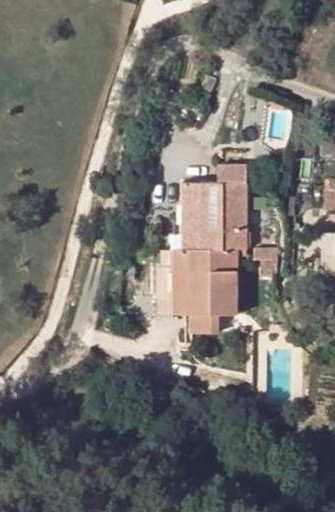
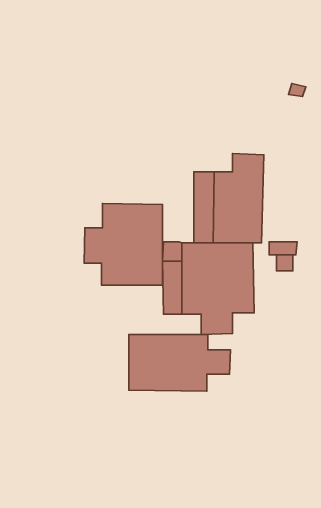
building: none -> [84,203,163,285]
building: none -> [129,335,231,391]

